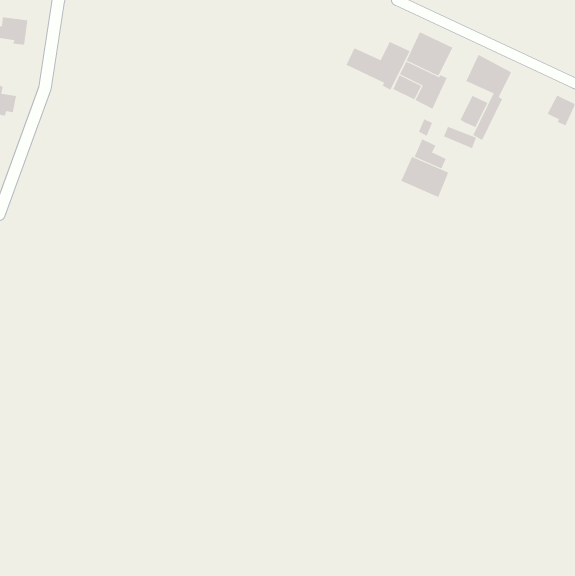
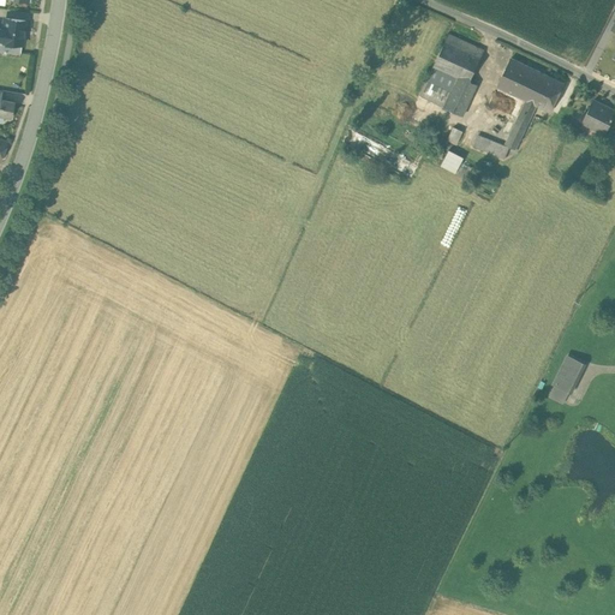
building: [346,41,411,91] -> none
building: [460,95,488,128] -> [532,77,562,112]
building: [401,156,449,198] -> none
building: none -> [547,352,587,404]

